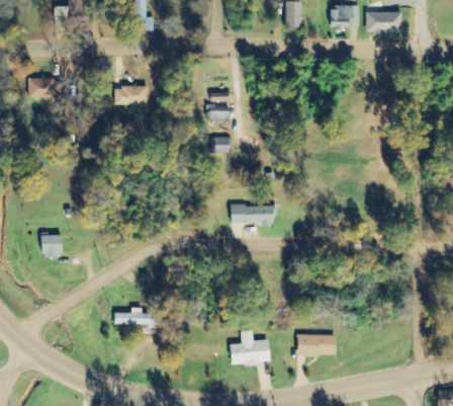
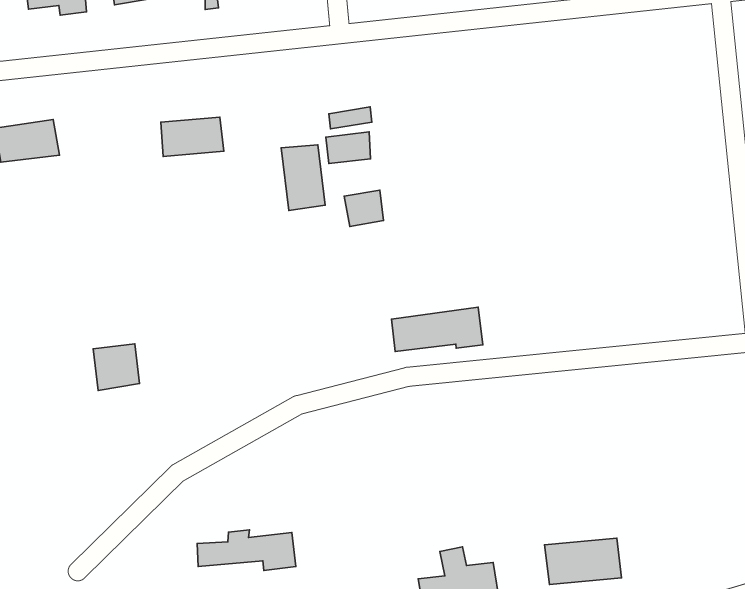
building: none -> [281,145,325,210]
building: [38,235,61,257] -> [93,344,140,390]

